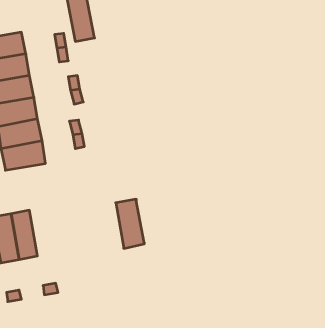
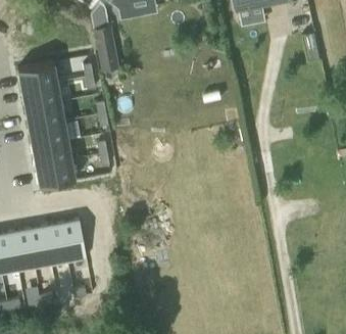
building: [116,199,144,248] -> [59,219,85,263]

